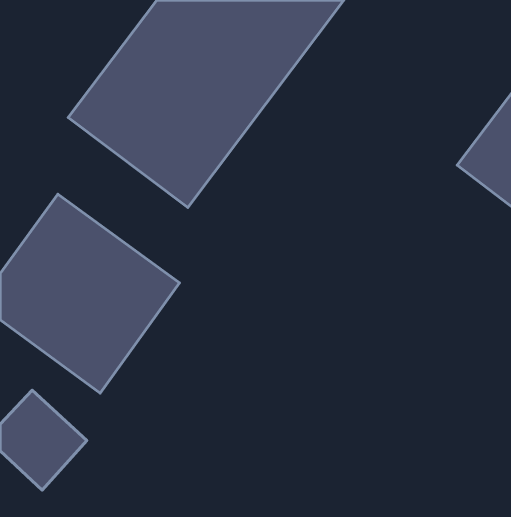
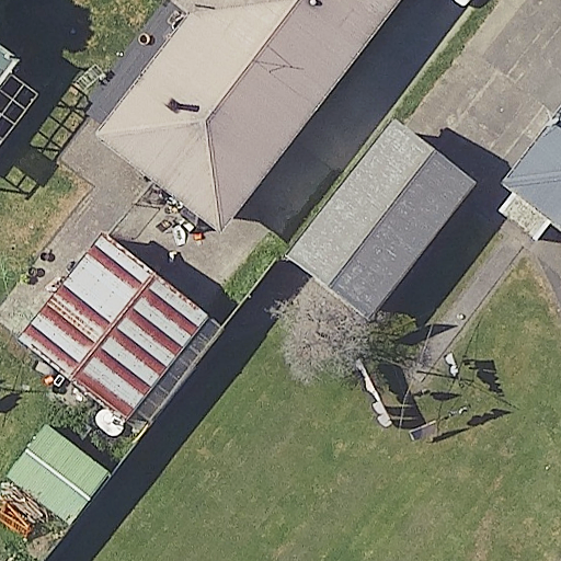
building: none -> [283,129,466,320]

